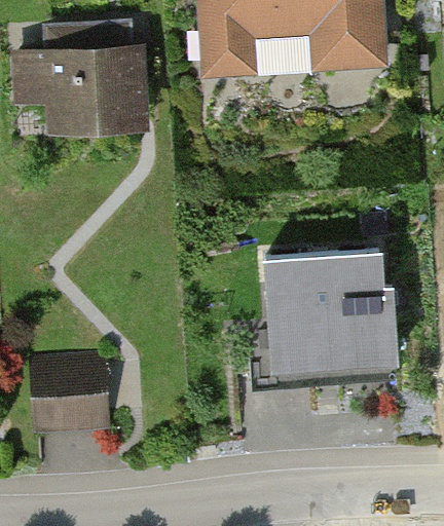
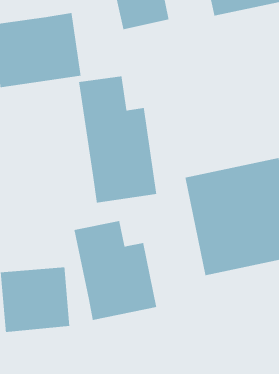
building: none -> [78,75,157,203]
building: none -> [73,220,157,321]

